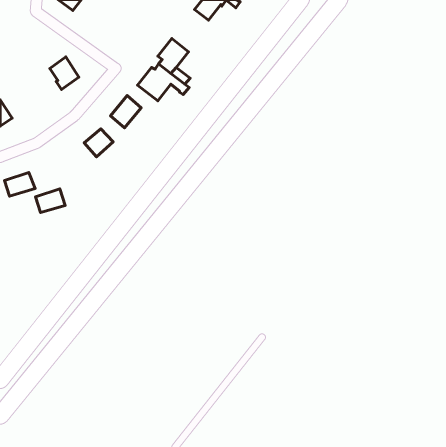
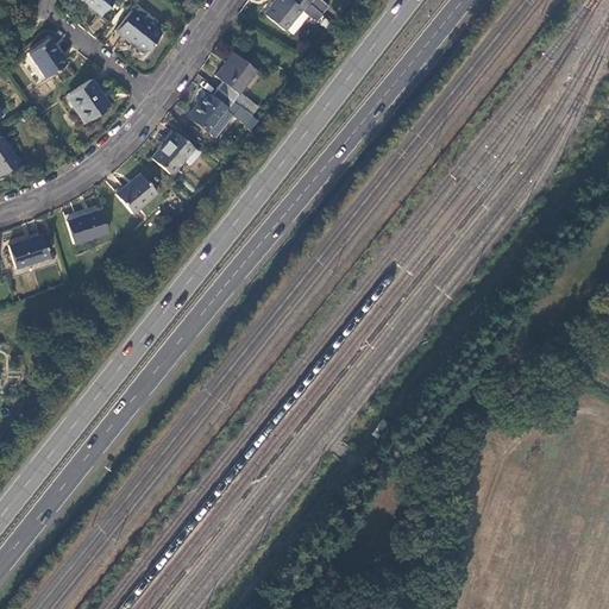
building: none -> [117,8,161,52]
building: none -> [30,38,67,76]
building: [35,189,65,213] -> [65,211,106,243]

